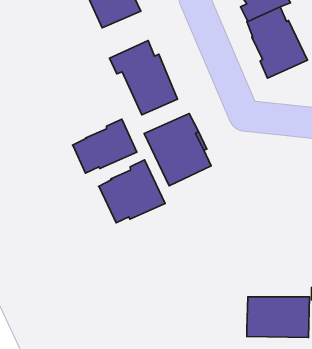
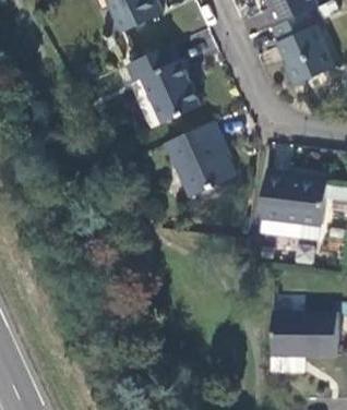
building: [73,119,137,173] -> none
building: [99,160,165,223] -> none
building: none -> [261,171,327,240]

